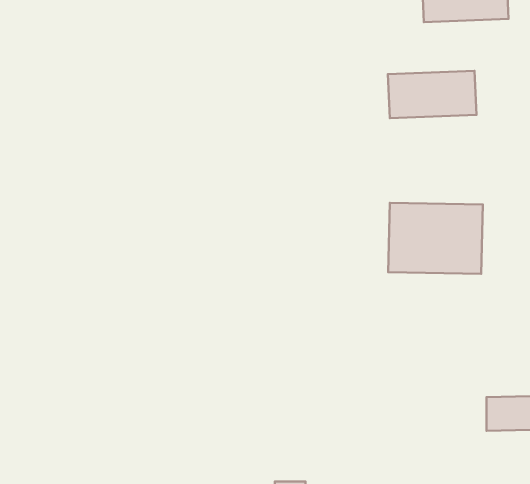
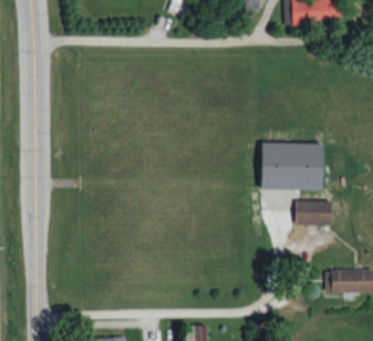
building: [388,71,476,118] -> none
building: none -> [294,200,331,225]

